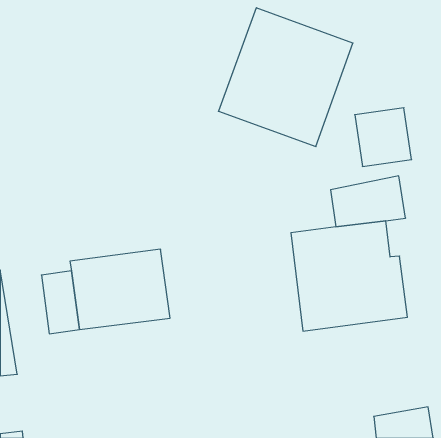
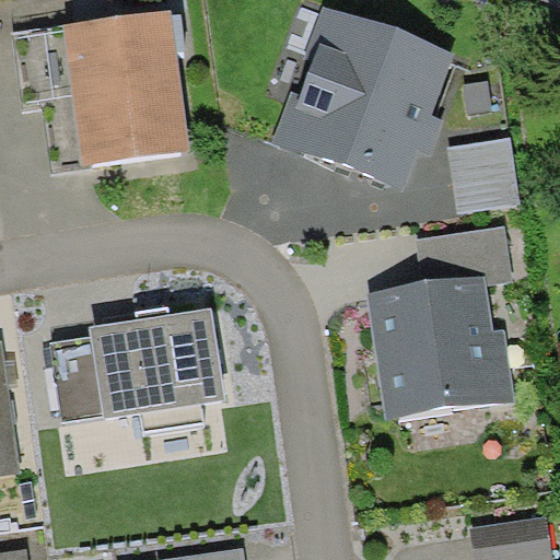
building: none -> [14,10,191,168]

